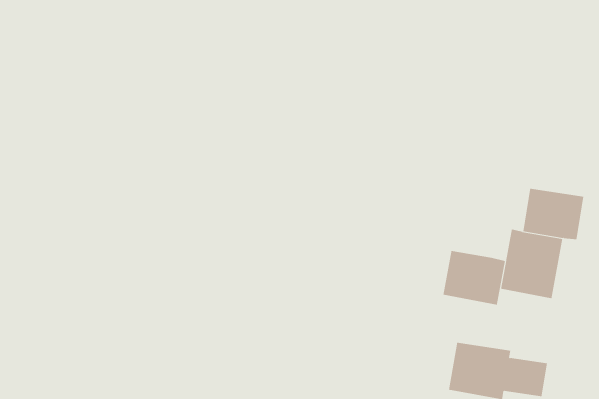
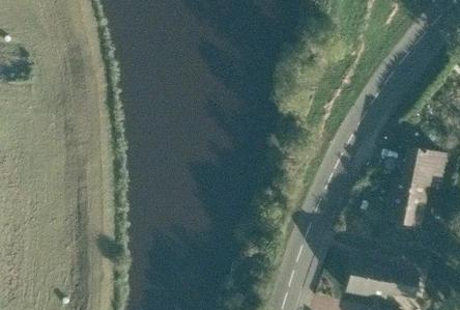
building: [443,250,505,306] -> none

